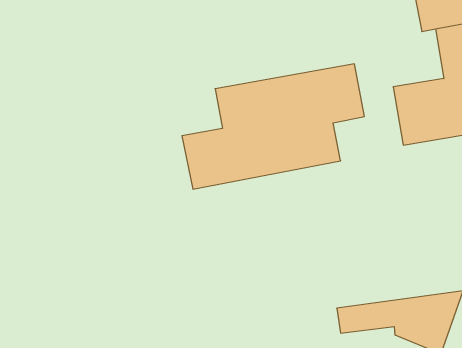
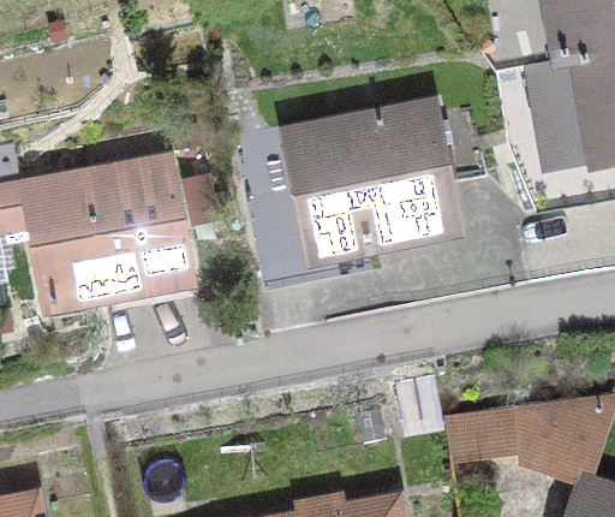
building: none -> [24,155,187,302]

